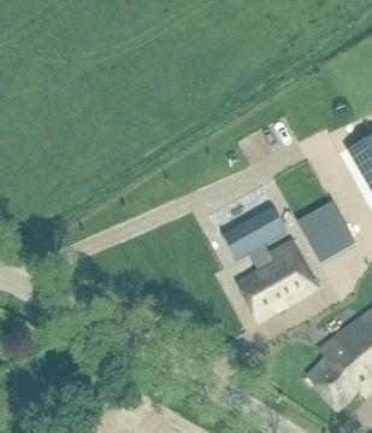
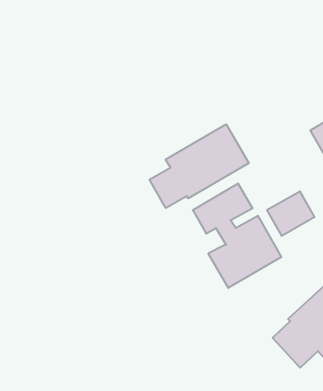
building: none -> [150,124,249,208]

